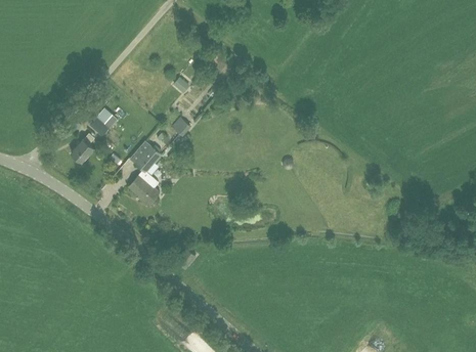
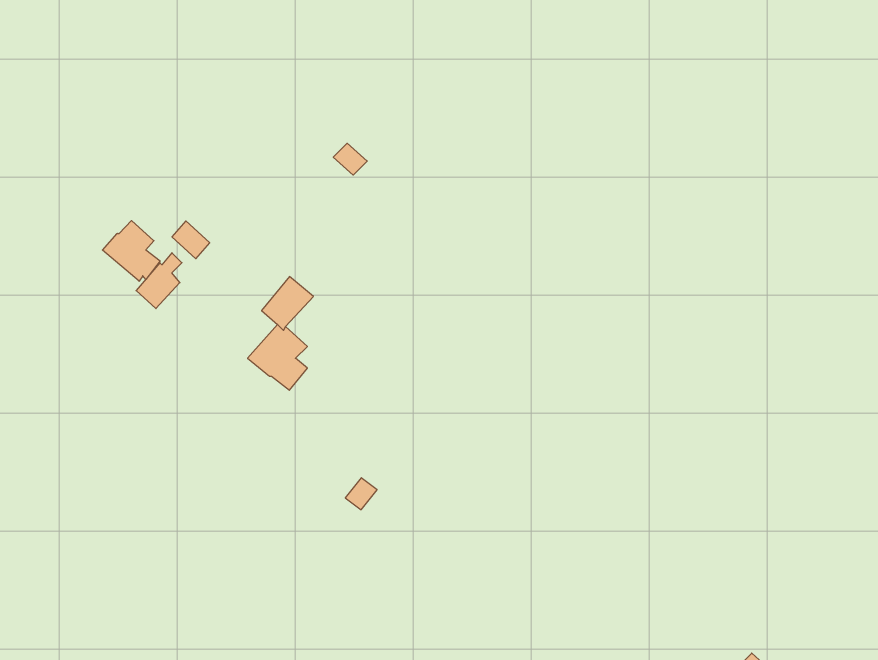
building: none -> [102,221,160,281]

